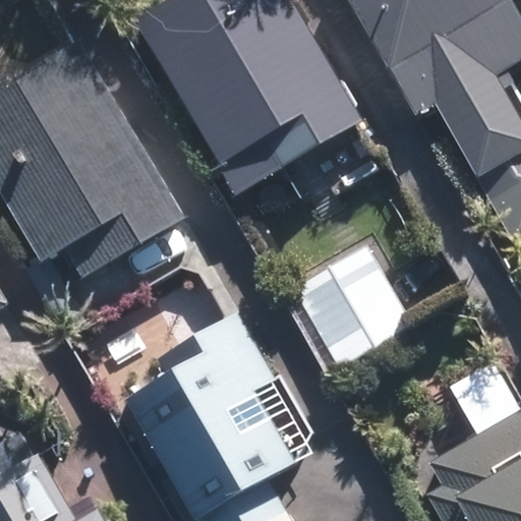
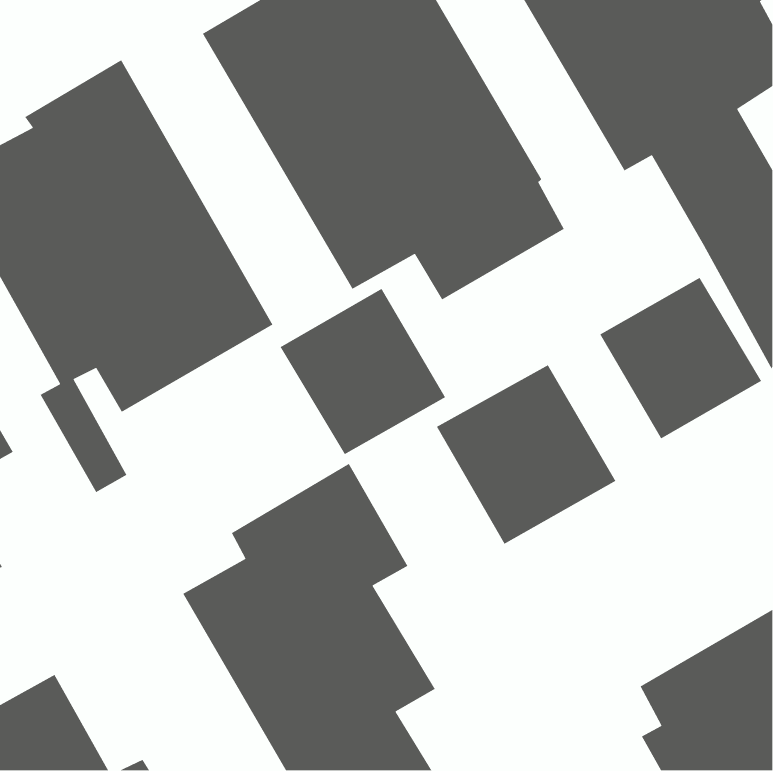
building: none -> [599,277,762,439]
building: none -> [280,288,446,455]

